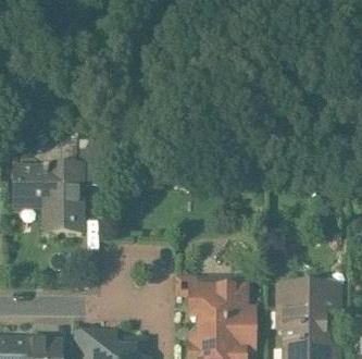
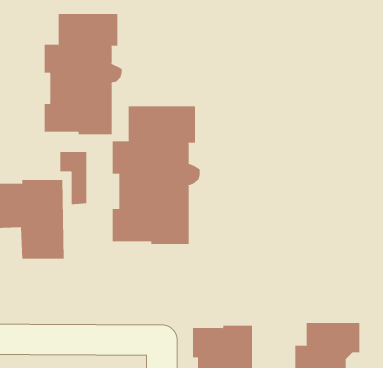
building: none -> [44,13,122,135]
building: none -> [112,105,200,245]

